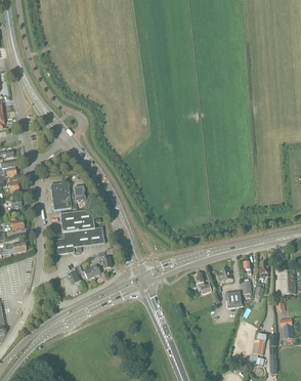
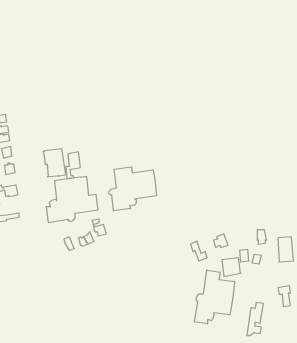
building: none -> [109,167,156,211]
building: none -> [194,270,235,324]

